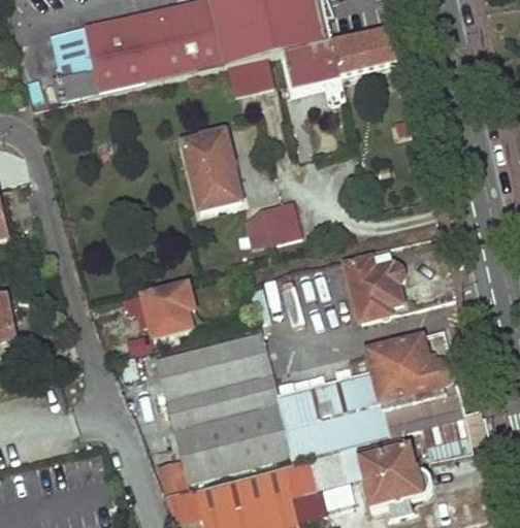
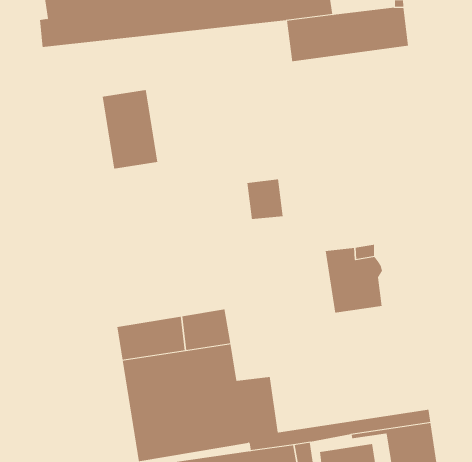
building: [184,133,243,211] -> [102,89,158,169]
building: [143,286,199,339] -> none
building: [305,331,458,439] -> none

